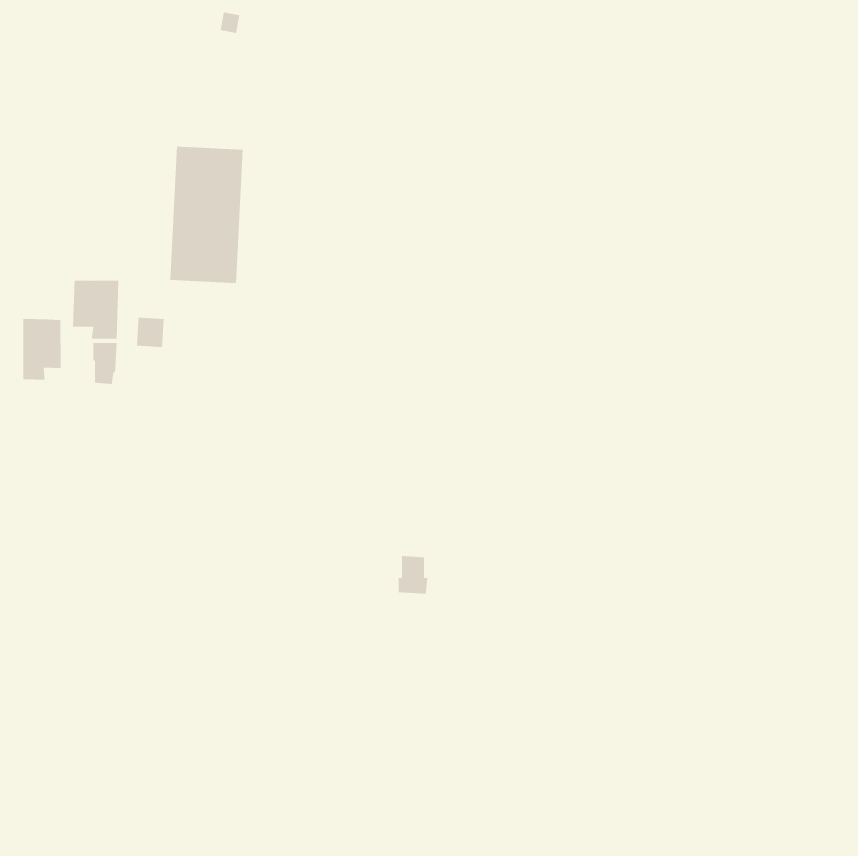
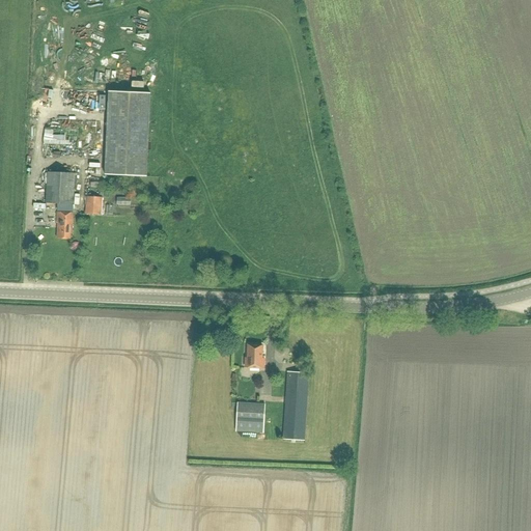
building: [23,318,61,381] -> none
building: none -> [283,370,308,439]
building: none -> [235,402,264,432]

